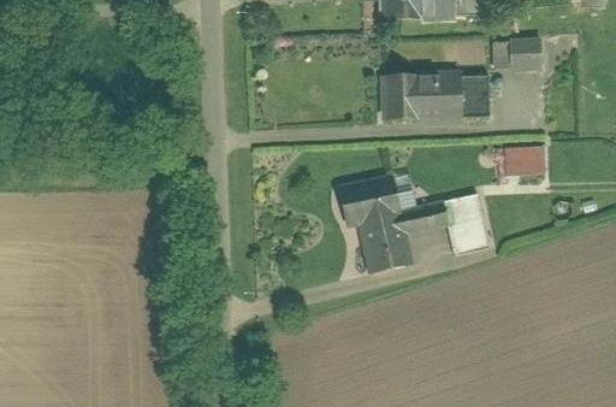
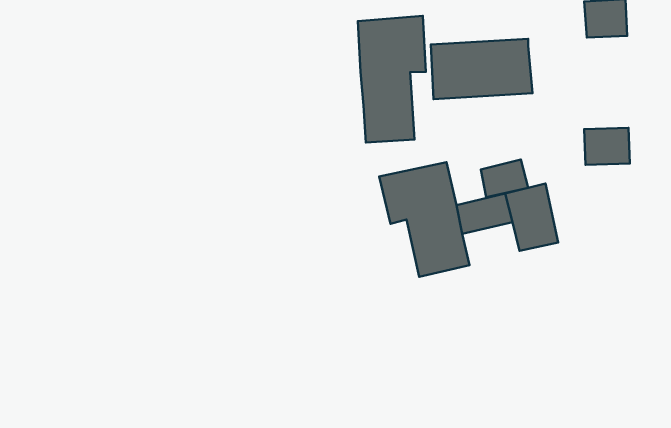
building: none -> [358,16,426,143]
building: [461,75,496,117] -> none
building: none -> [481,159,528,197]

